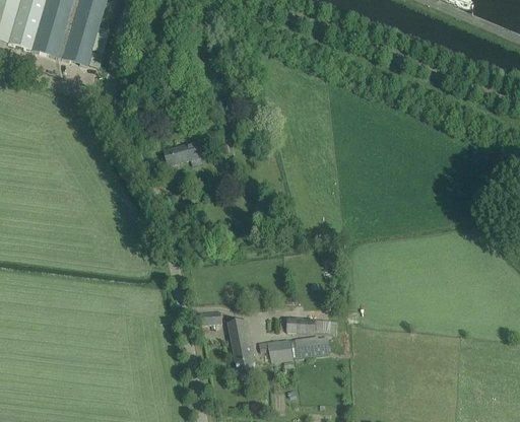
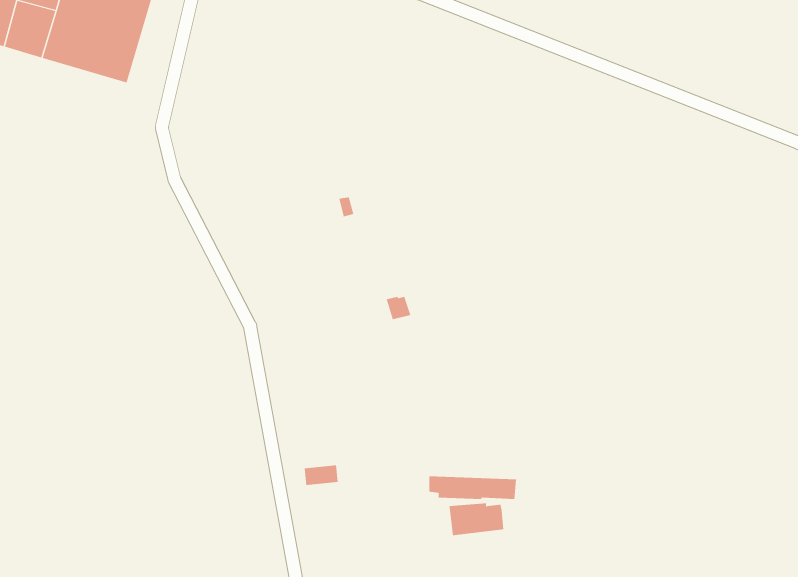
building: [165,142,206,165] -> none
building: [229,320,255,378] -> none
building: [259,339,292,360] -> none

